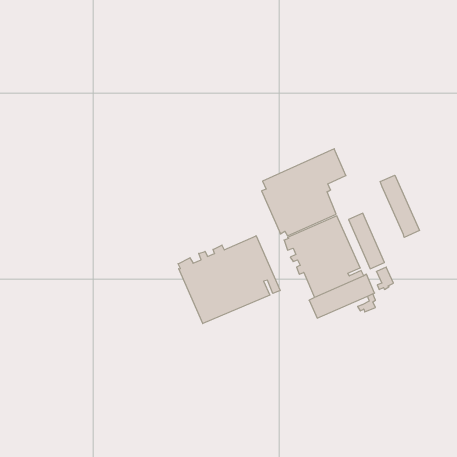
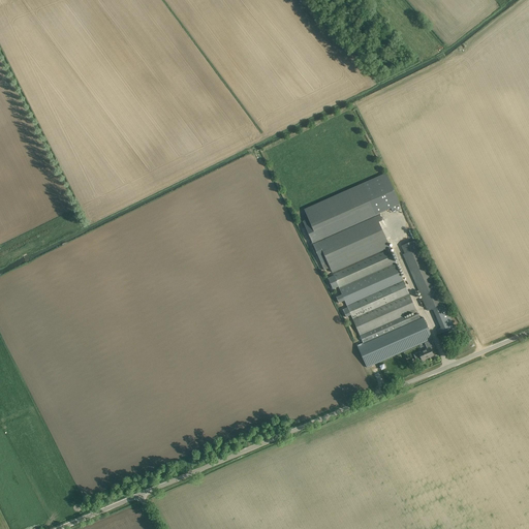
building: [380,175,419,237] -> none
building: [178,236,280,324] -> none

